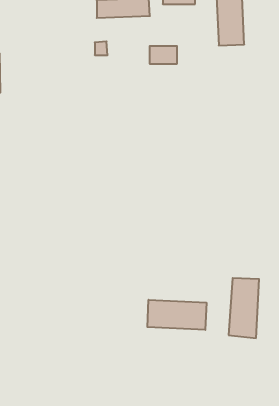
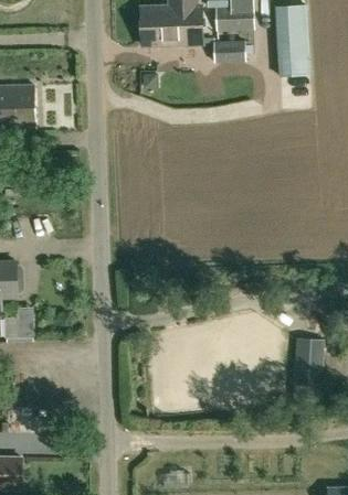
building: [150,46,177,64] -> [214,41,245,61]
building: [147,300,206,330] -> none

